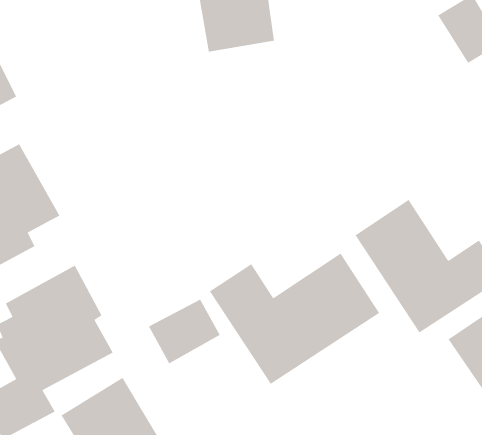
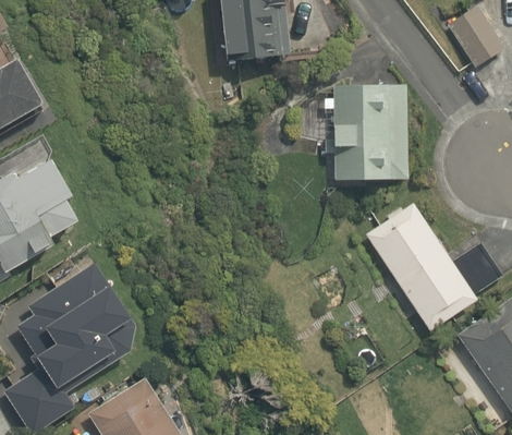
building: none -> [330,82,409,183]
building: [209,253,380,385] -> none
building: [148,298,221,365] -> none

